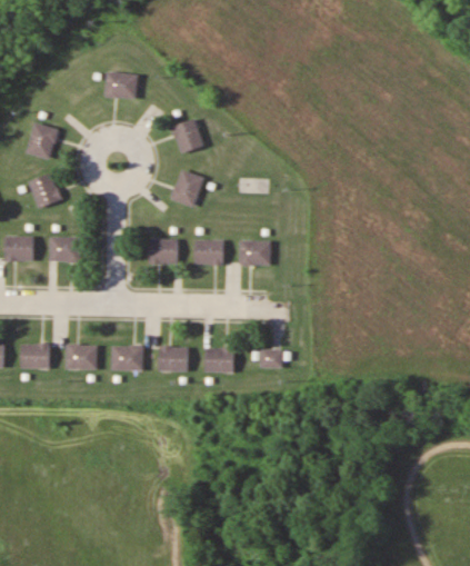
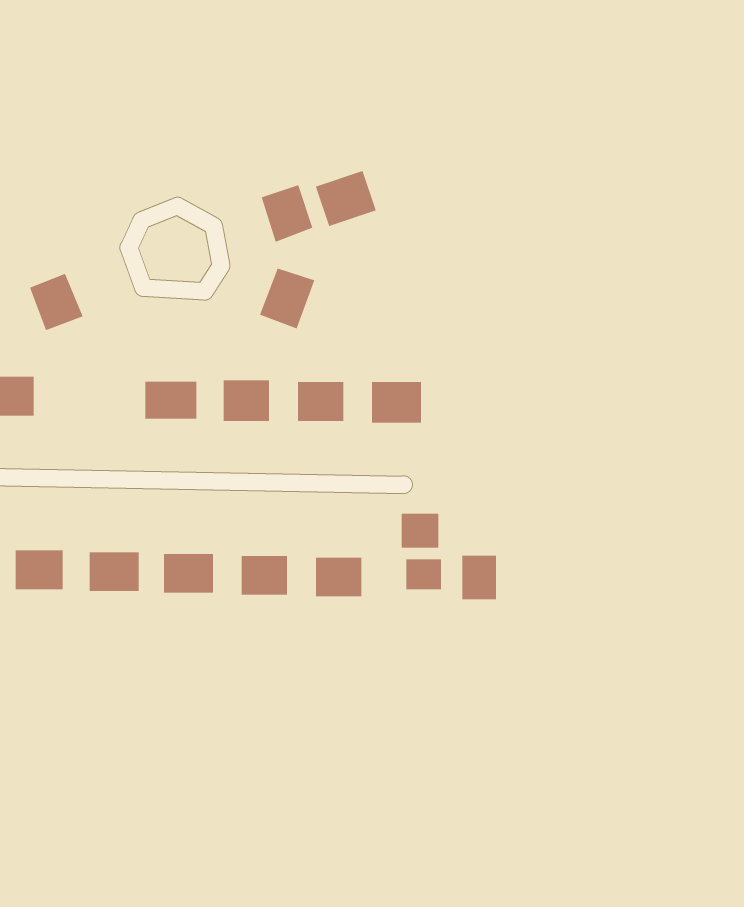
building: [106,73,137,98] -> none
building: none -> [315,170,376,227]
building: [26,122,59,160] -> none
building: [49,238,81,261] -> [145,381,197,419]
building: none -> [401,513,439,548]
building: none -> [462,555,497,600]

